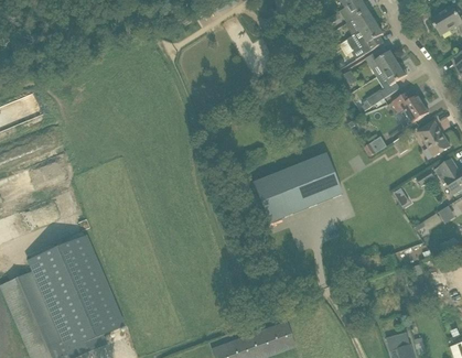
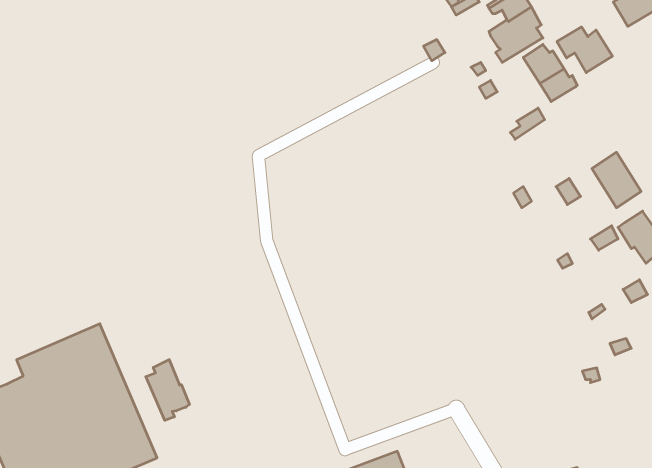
building: [391,91,429,122] -> [557,27,612,73]
building: [251,152,342,223] -> none
building: none -> [146,360,189,420]

